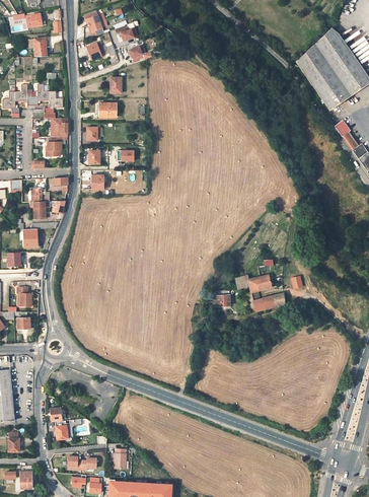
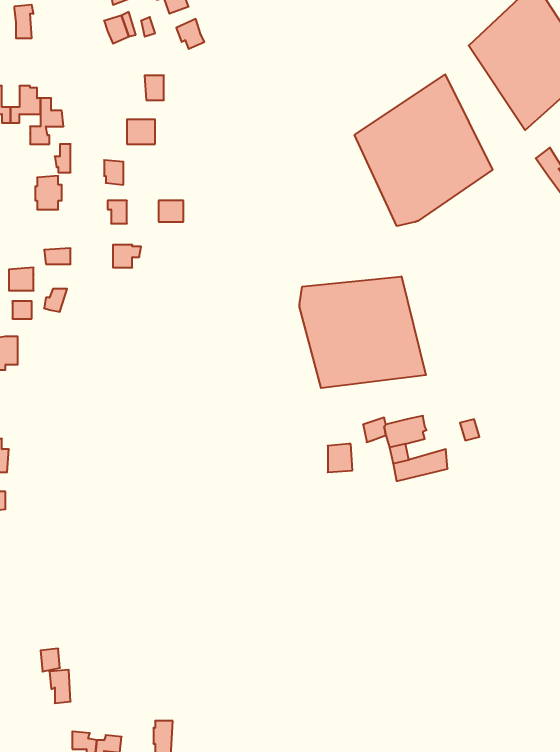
building: none -> [355,74,492,226]
building: none -> [300,276,426,388]

